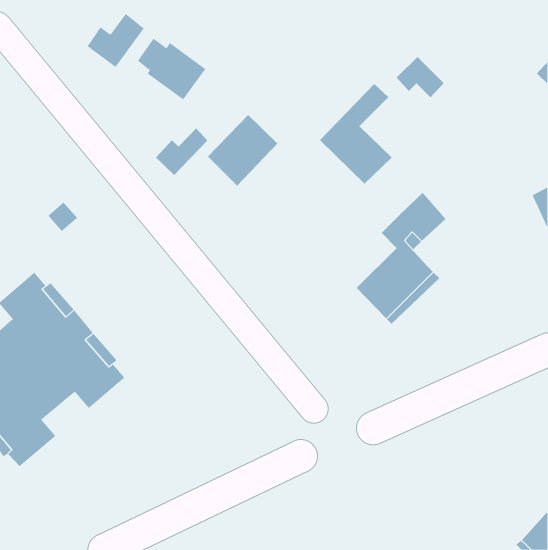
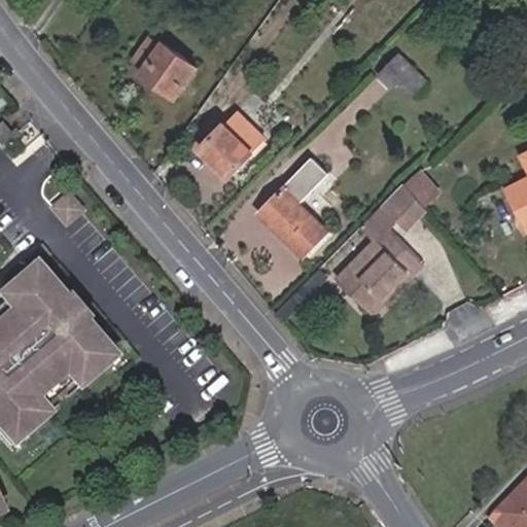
building: [87,13,145,68] -> none
building: [319,83,392,184] -> [257,159,327,255]
building: [155,128,208,176] -> none

